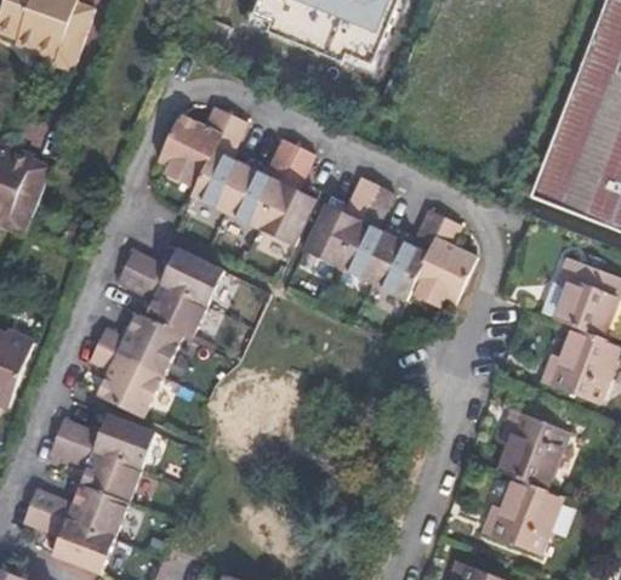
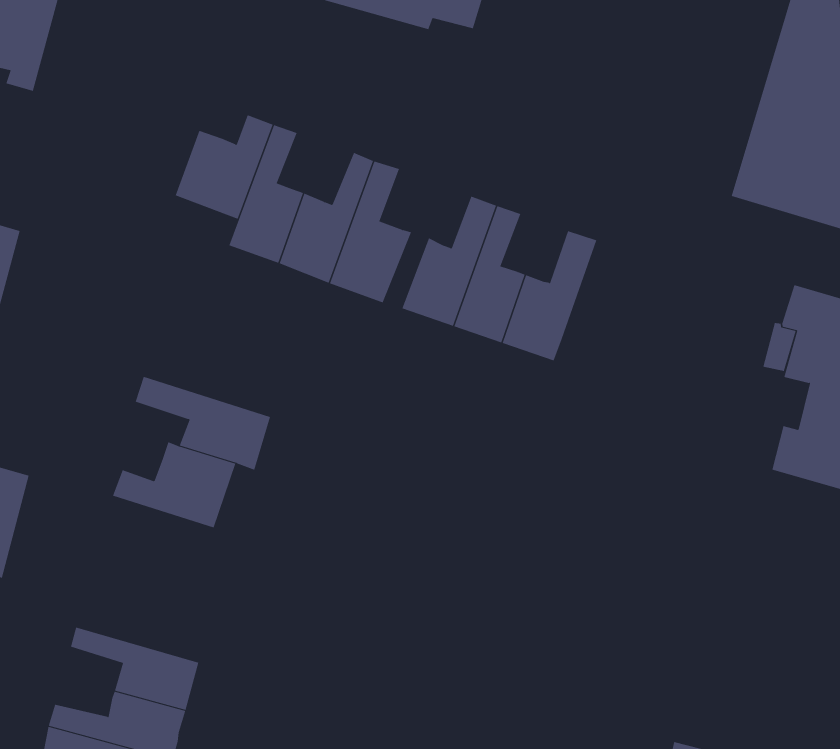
building: [409,215,469,298] -> none
building: [123,255,222,312] -> none
building: [86,354,160,430] -> none
building: [482,409,565,556] -> none
building: [59,426,150,473] -> none

